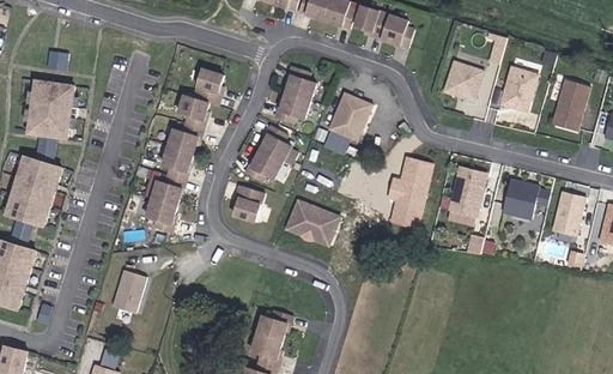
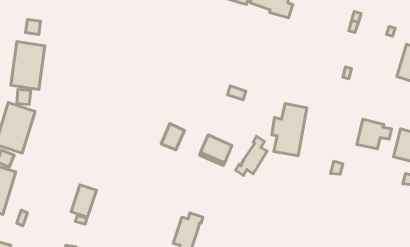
building: [445,58,485,98] -> none
building: [500,62,539,107] -> none
building: [142,68,223,231] -> none
building: [286,68,315,125] -> none
building: [328,92,371,139] -> none
building: [253,129,296,183] -> [236,136,267,175]
building: [448,170,484,217] -> none

